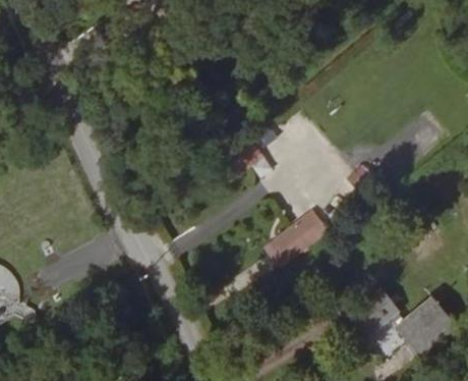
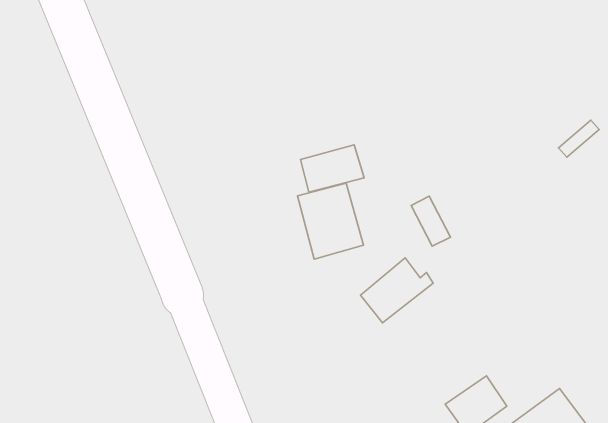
building: none -> [298,183,364,259]

